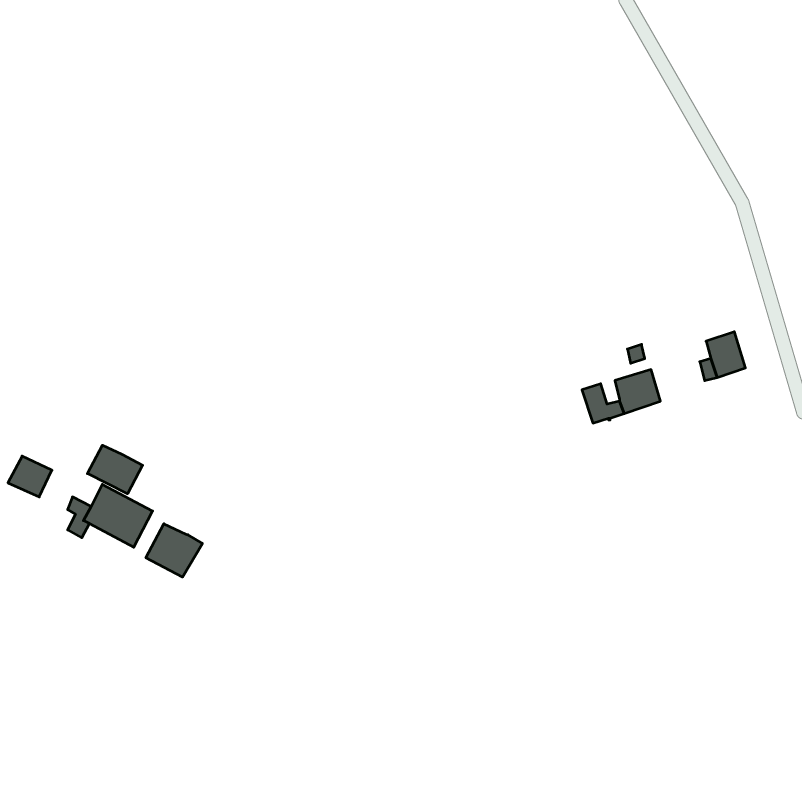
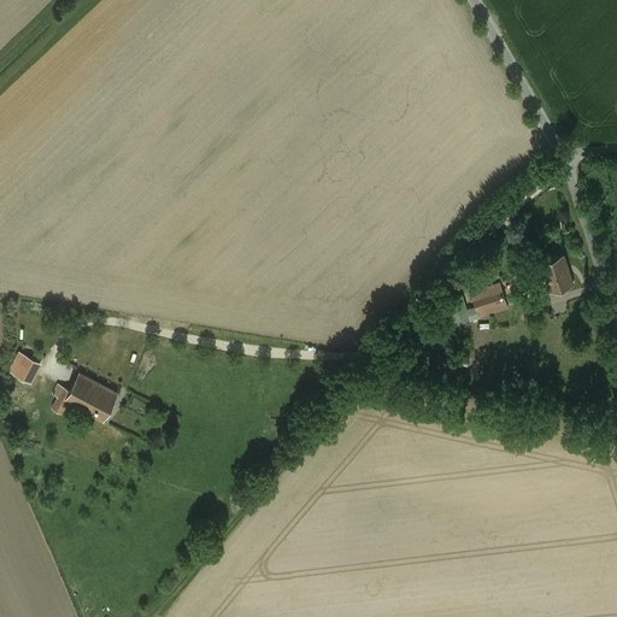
building: [87,445,143,494] -> none
building: [146,524,202,577] -> none

